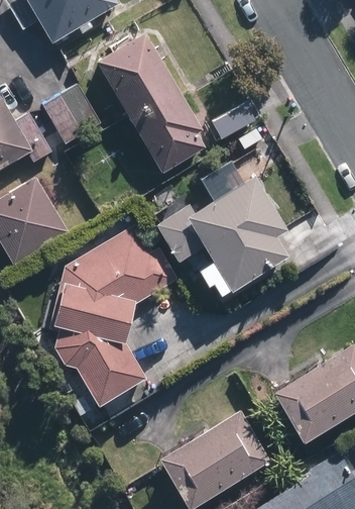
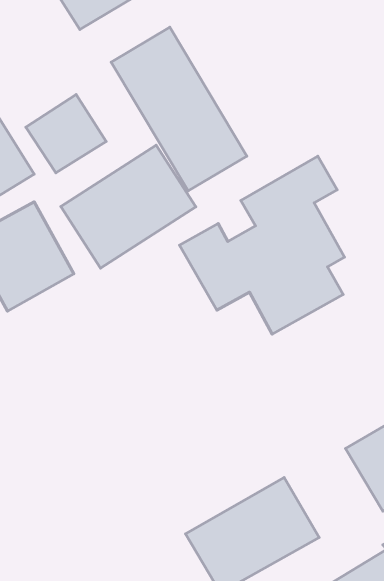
building: none -> [61,145,196,268]
building: [48,227,163,411] -> none

